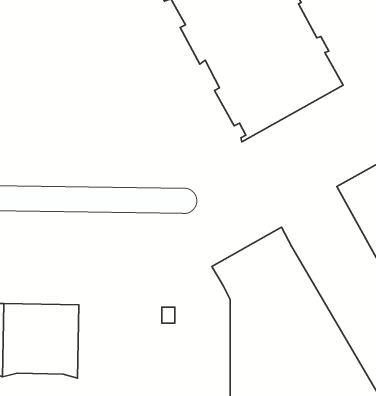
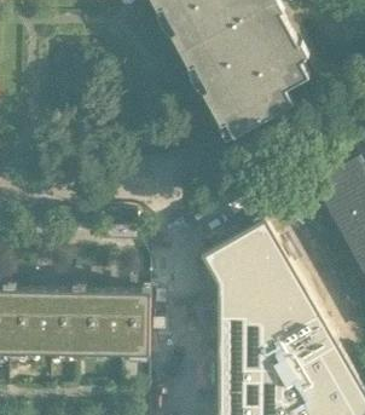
building: none -> [77,290,150,359]

